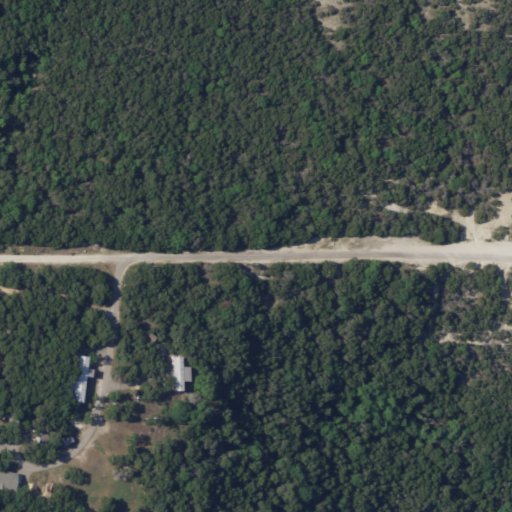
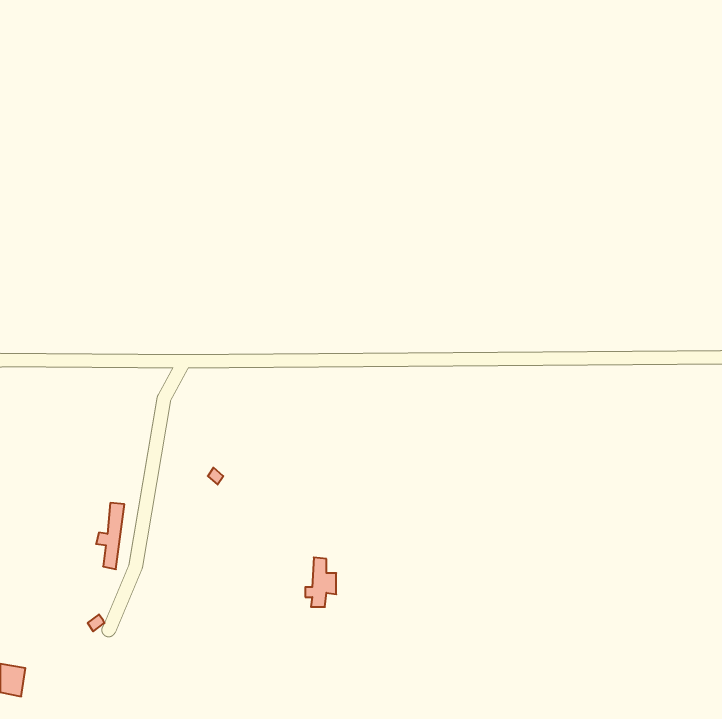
building: [170,356,192,391] -> [305,557,336,607]

